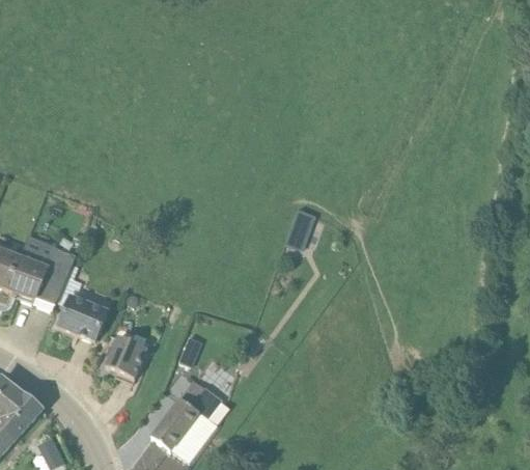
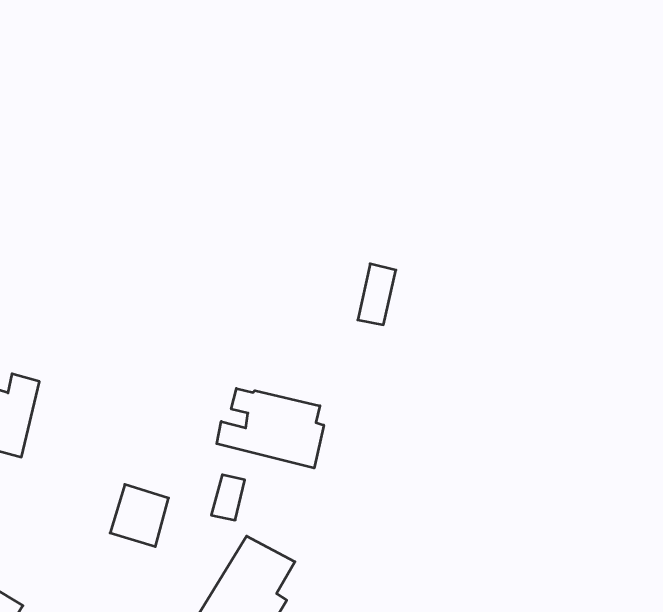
building: [56,261,105,339] -> none
building: none -> [217,388,324,468]

